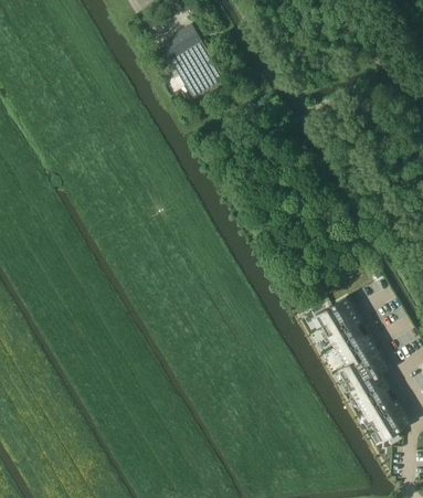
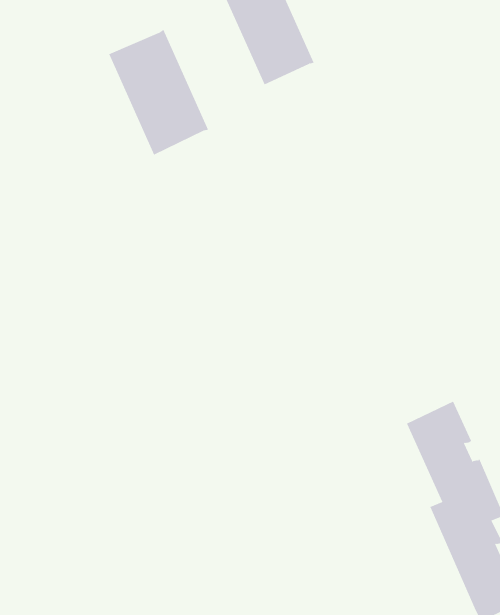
building: none -> [108,29,209,155]

